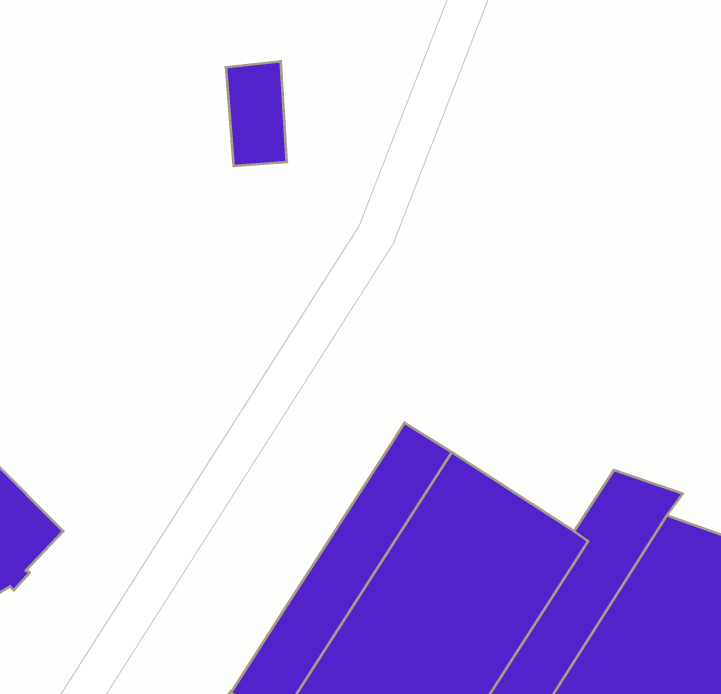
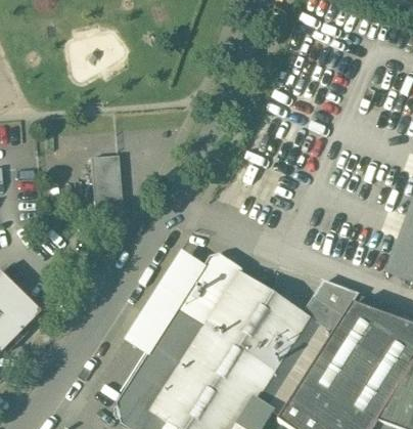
building: [226,61,287,166] -> [90,155,122,209]
building: none -> [123,248,208,354]

